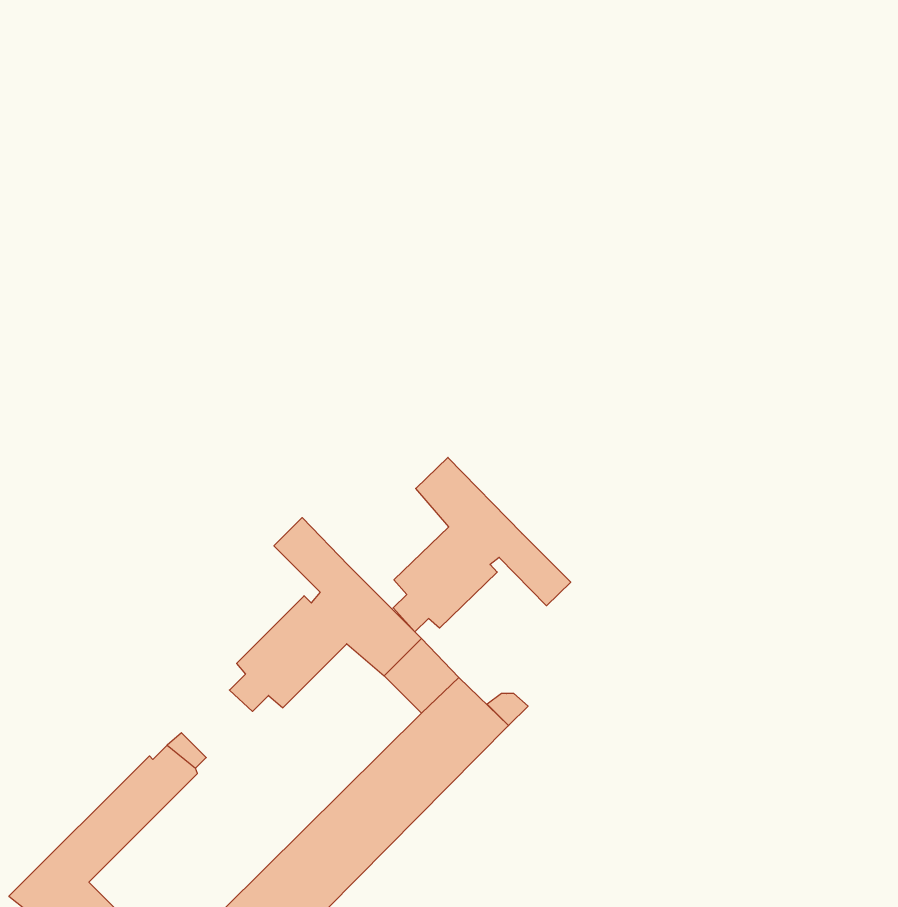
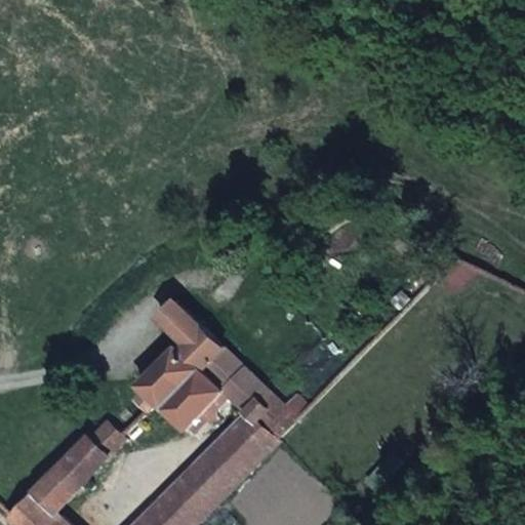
building: [393,457,571,632] -> none
building: none -> [163,372,220,429]

